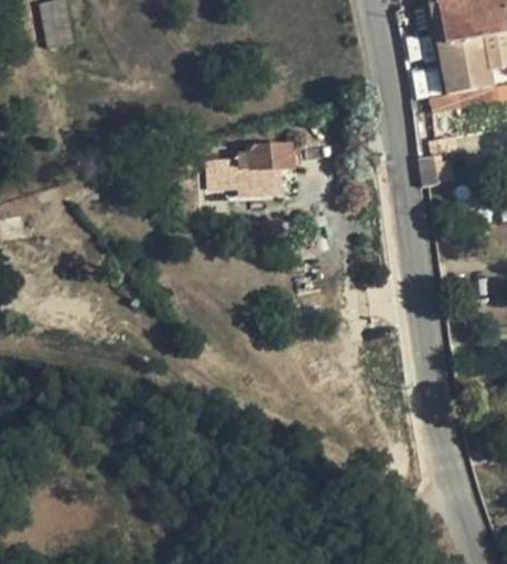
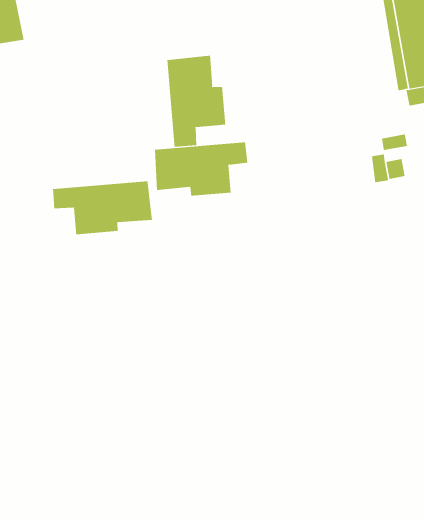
building: none -> [167,55,226,147]
building: none -> [53,180,152,235]

